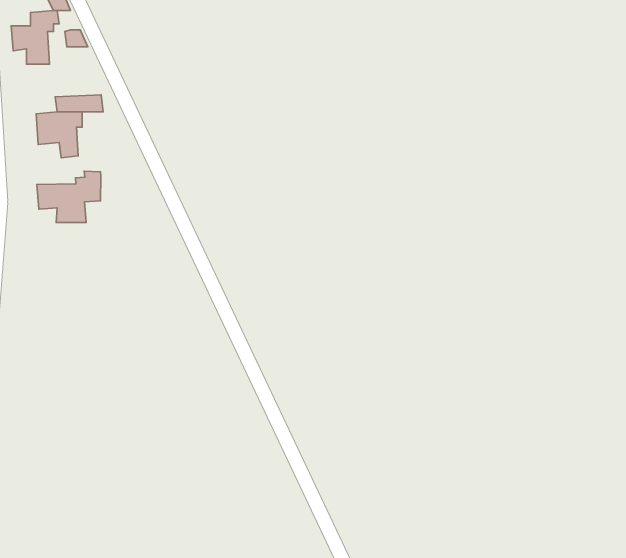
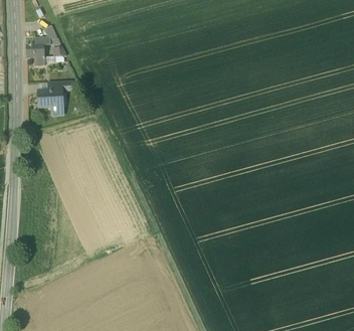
building: [37,171,101,222] -> none

